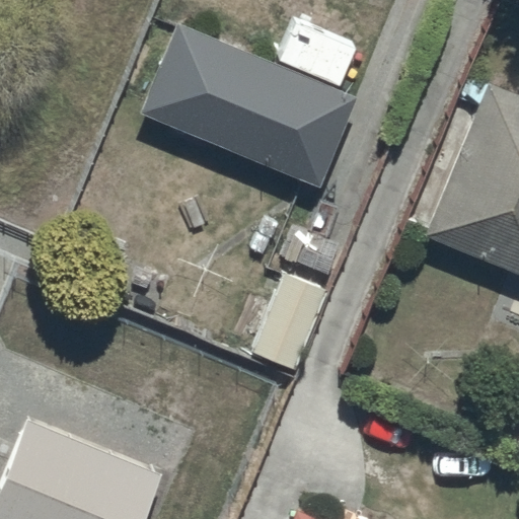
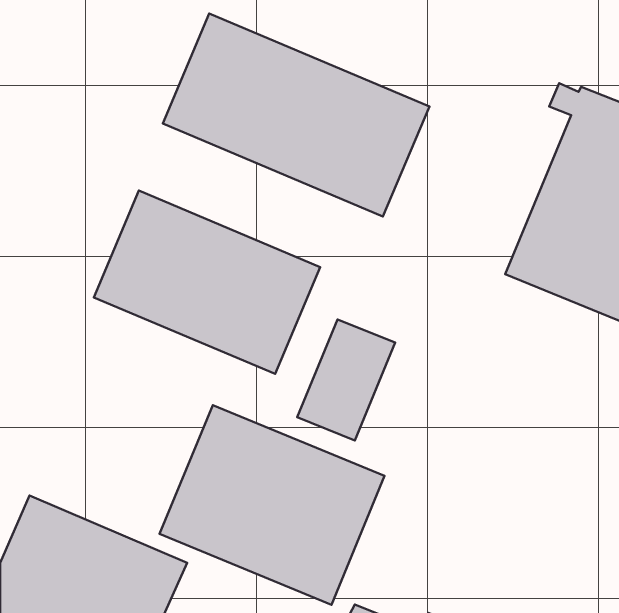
building: none -> [94,190,320,374]
building: none -> [160,405,385,605]

